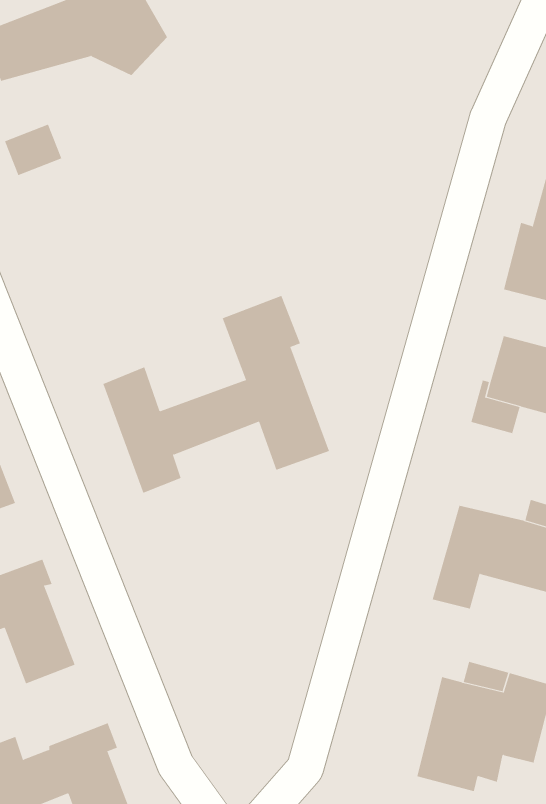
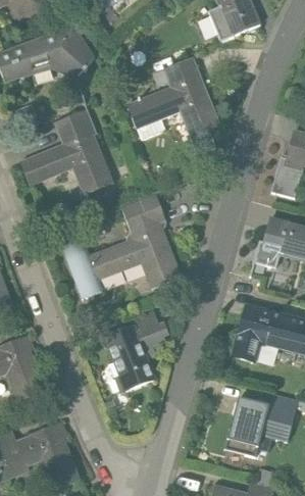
building: none -> [128,57,220,164]
building: none -> [20,109,111,193]
building: none -> [106,306,168,393]

